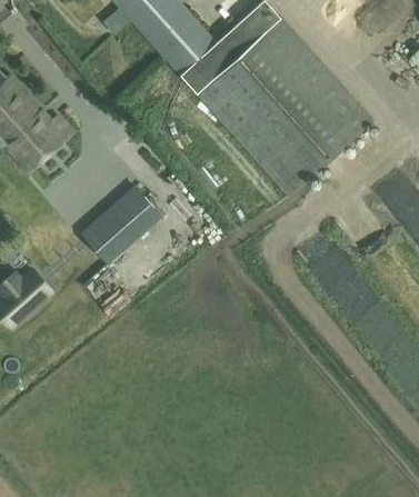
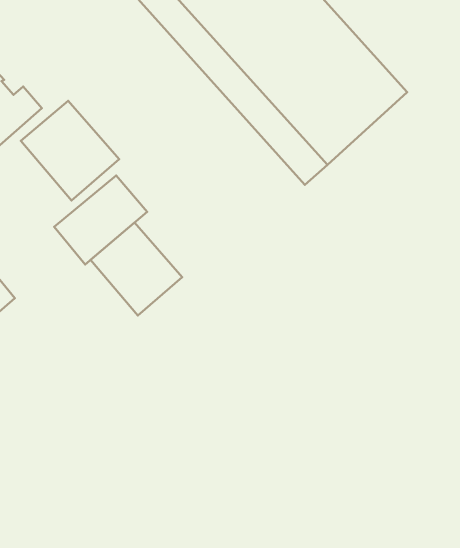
building: none -> [21,101,119,200]
building: none -> [90,223,182,316]

